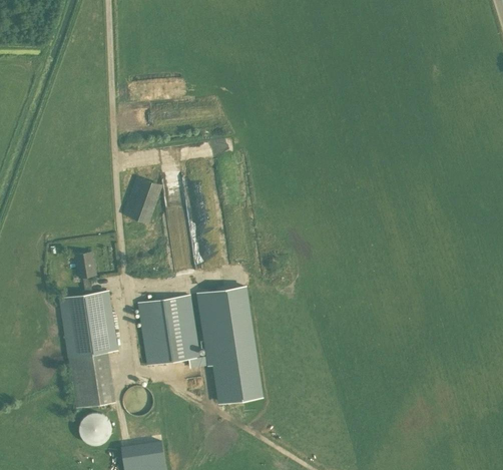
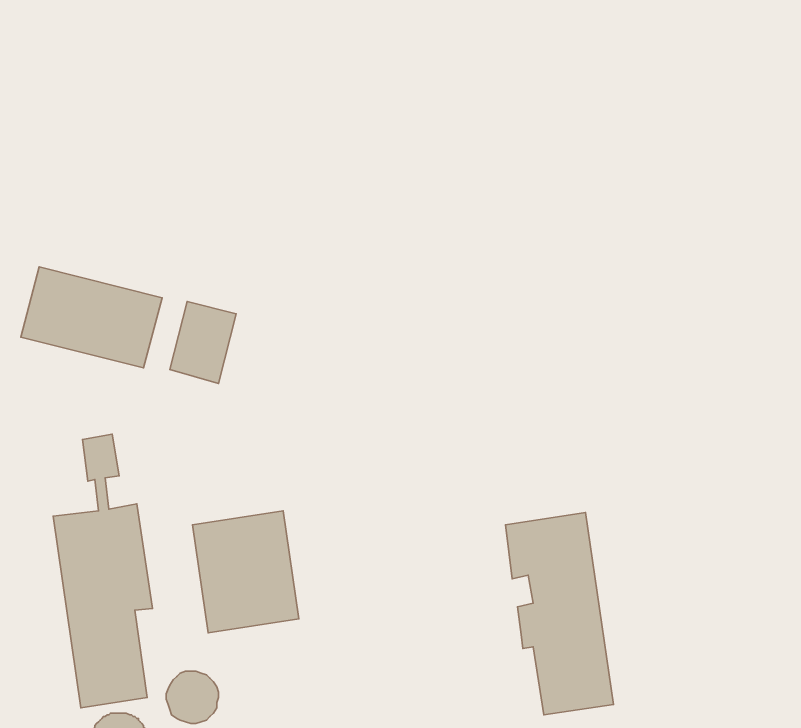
building: none -> [21,267,162,368]
building: [199,287,262,403] -> [505,513,613,715]

